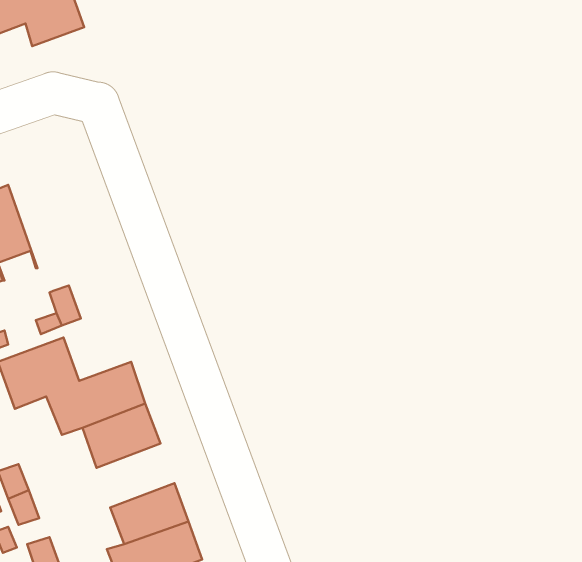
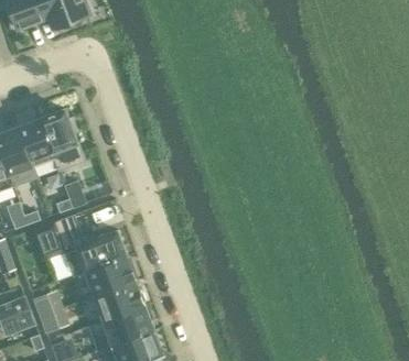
building: none -> [39,109,84,171]
building: none -> [95,282,144,322]

